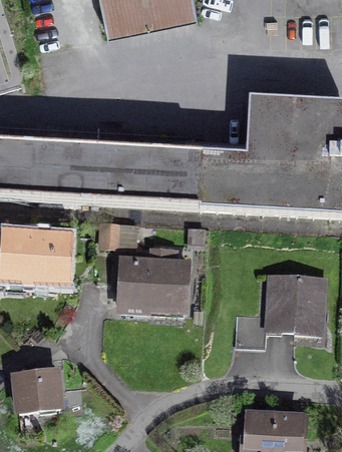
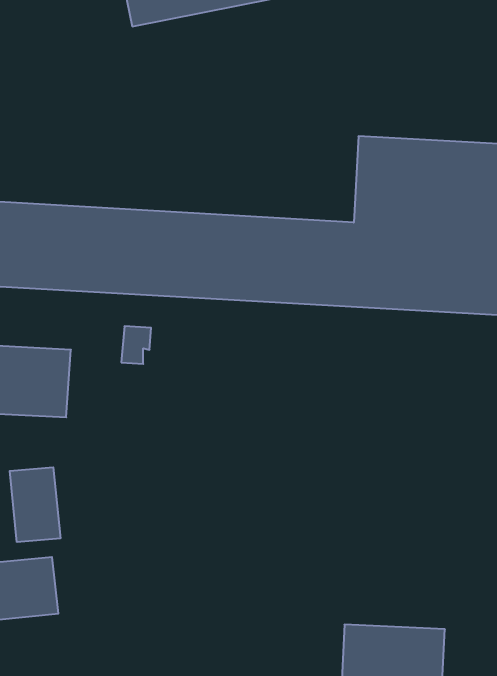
building: [120,245,188,305] -> none
building: [235,271,323,340] -> none
building: none -> [10,467,60,542]

